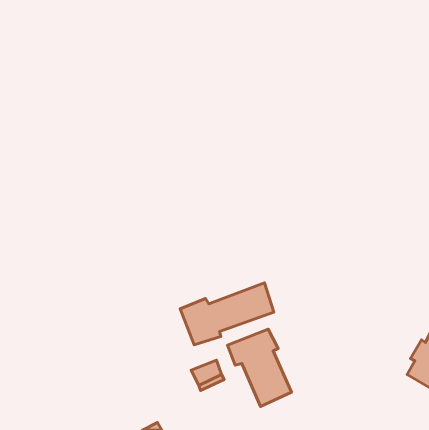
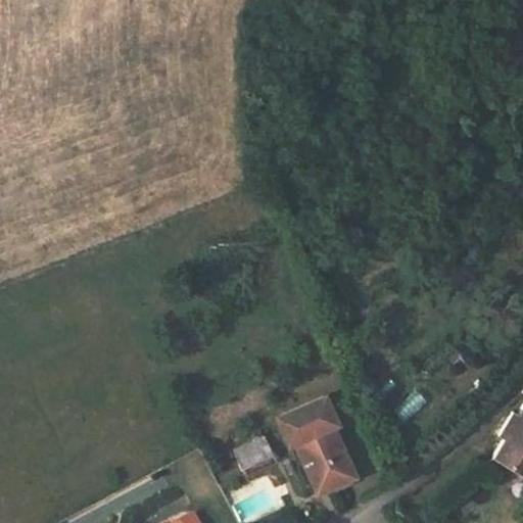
building: [180,283,274,345] -> none

